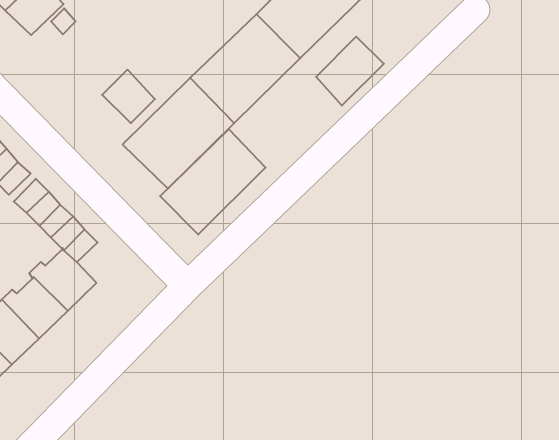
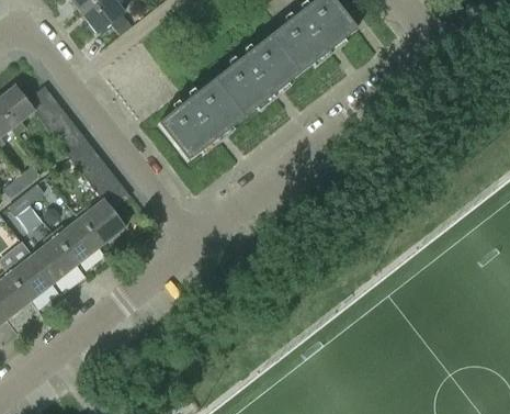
building: [316,37,384,106] -> none
building: [102,70,155,123] -> none
building: [160,129,266,235] -> none

